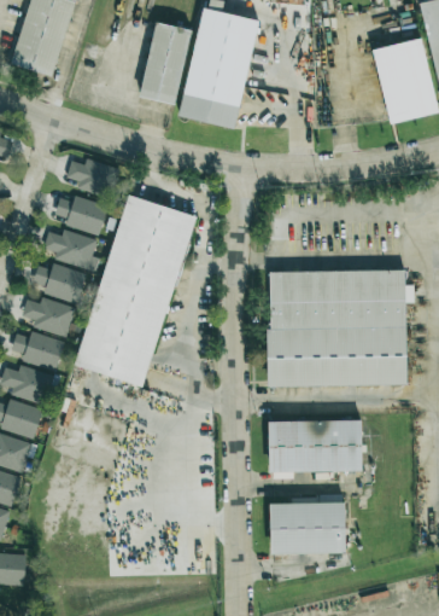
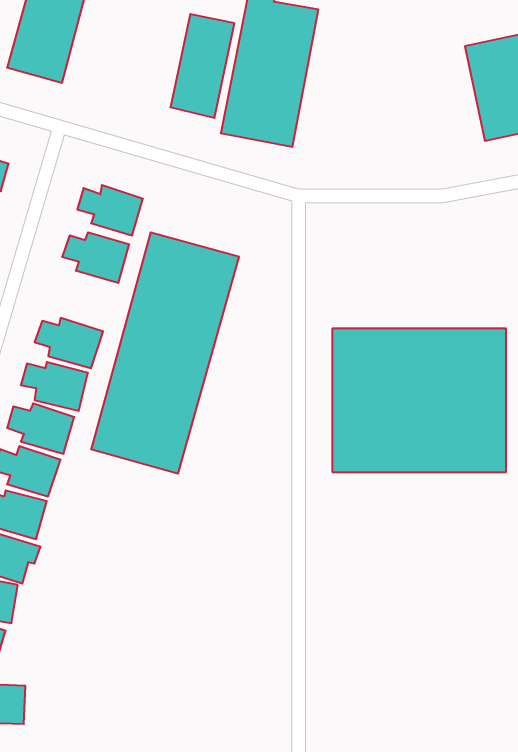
building: [43,229,100,272] -> none
building: [268,420,361,471] -> none
building: [269,502,345,556] -> none

